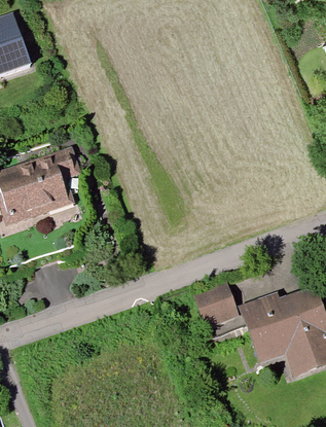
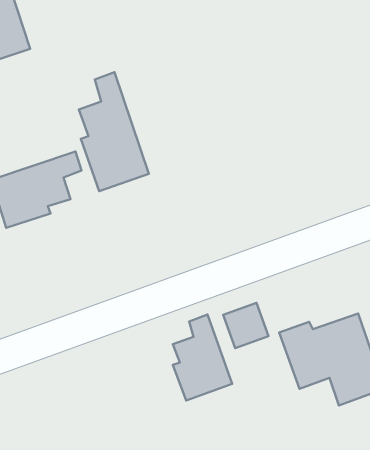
building: none -> [79,72,149,191]
building: none -> [173,315,232,401]

